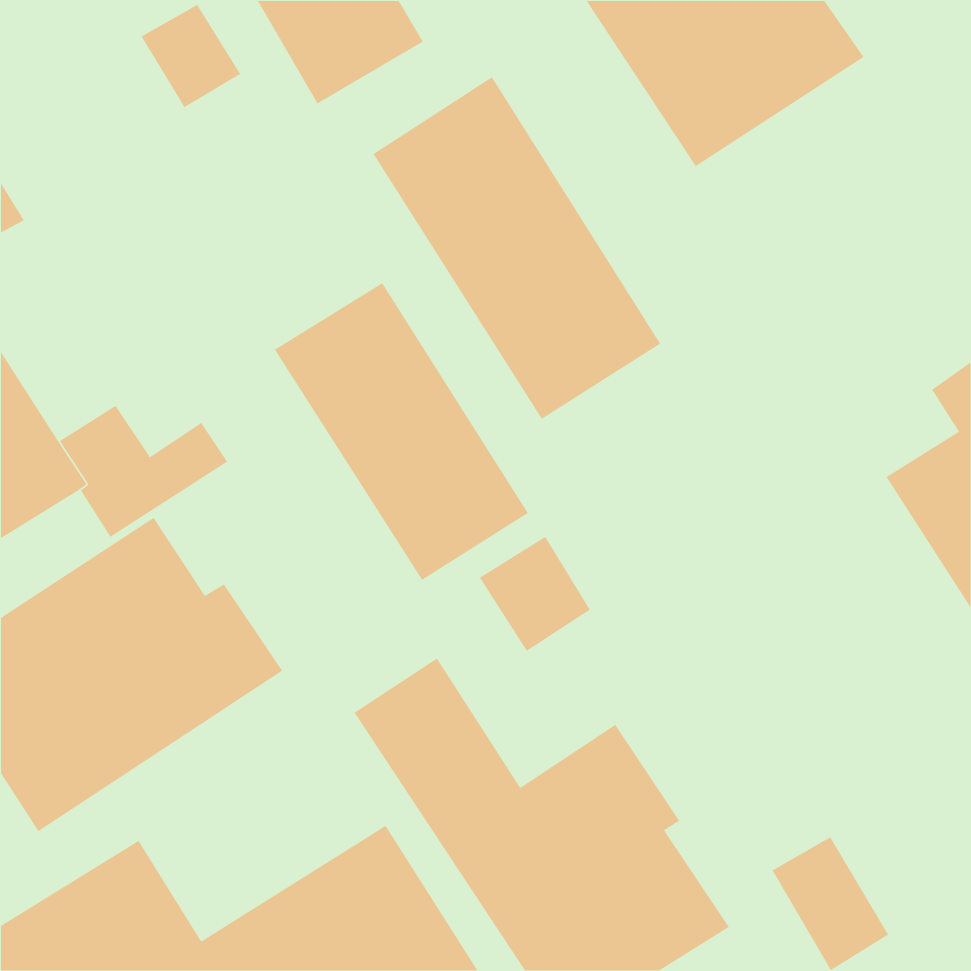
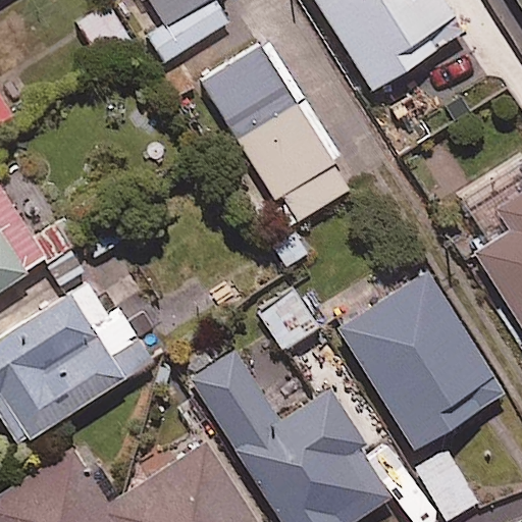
building: [274,282,529,581] -> none
building: none -> [336,272,504,451]

